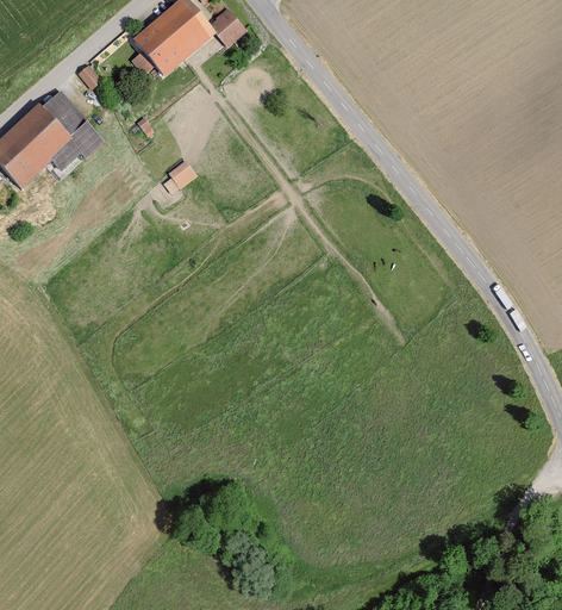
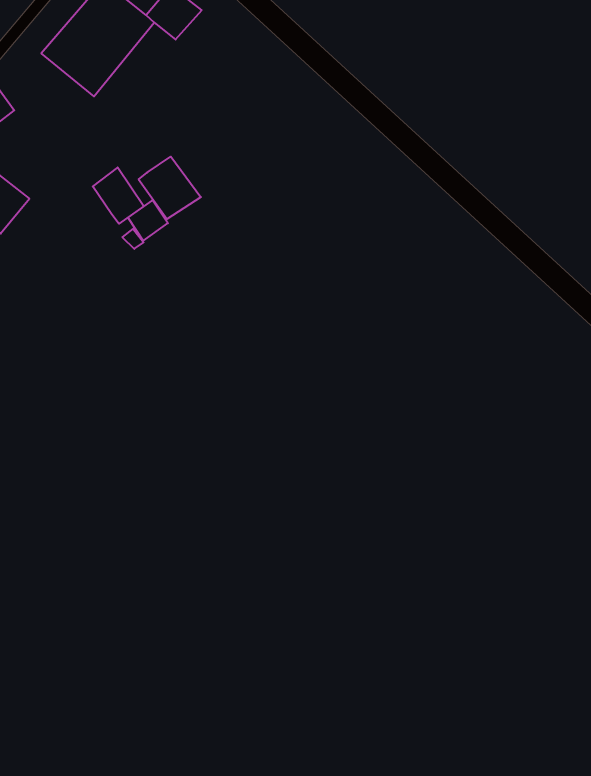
building: none -> [139,157,201,219]
building: none -> [93,167,144,224]

